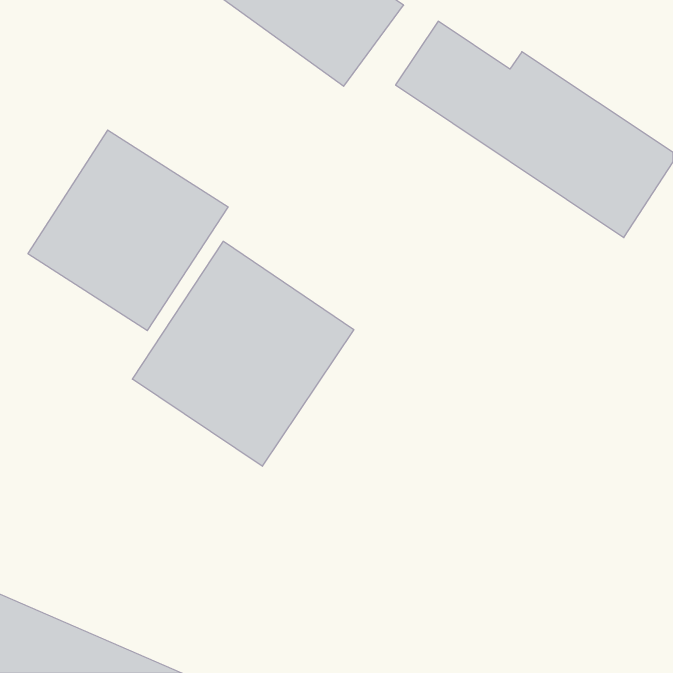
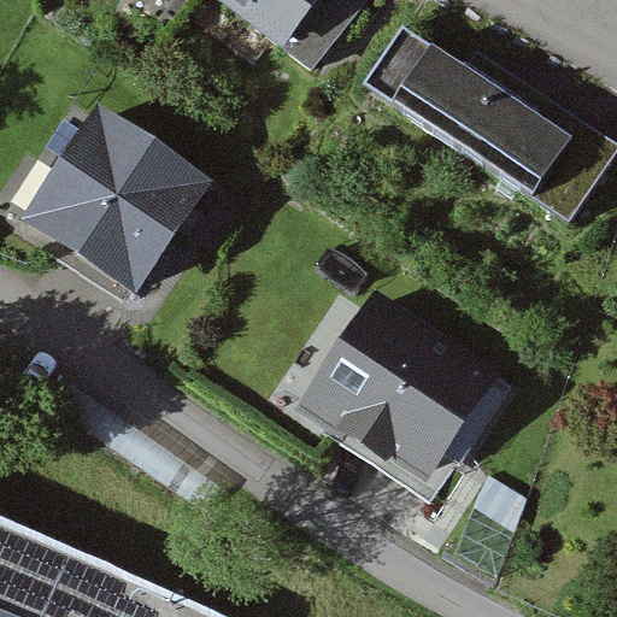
building: [132,241,354,466] -> none
building: none -> [293,287,495,476]

